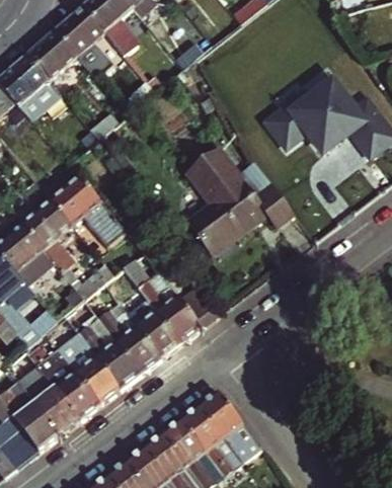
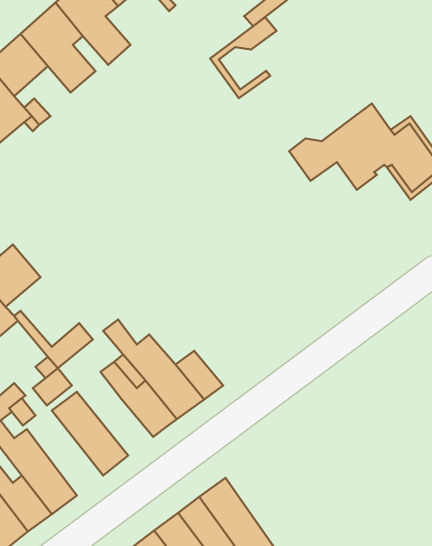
building: [264,90,318,156] -> [210,17,276,98]
building: [185,147,293,256] -> none
building: [48,175,126,249] -> none
building: [99,312,161,372] -> none
building: [59,335,121,404] -> none

